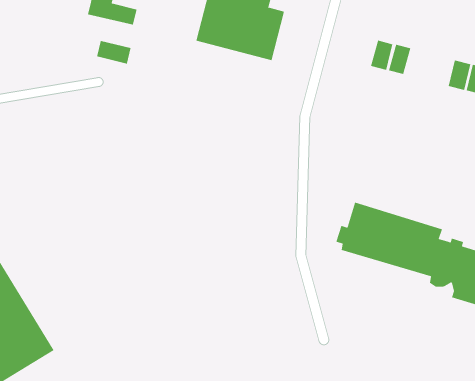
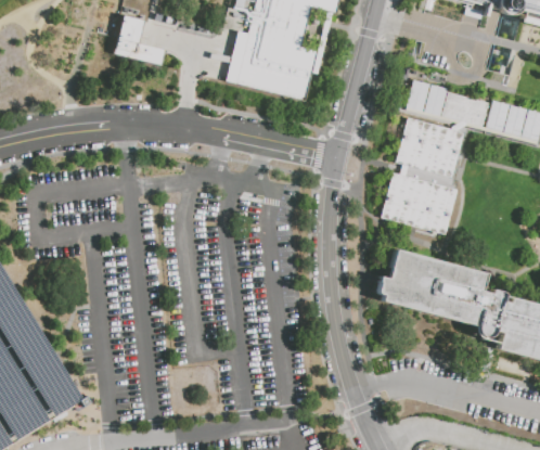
building: [97,40,131,64] -> none
building: none -> [441,92,488,127]
building: none -> [396,118,464,178]
building: none -> [382,172,458,235]

